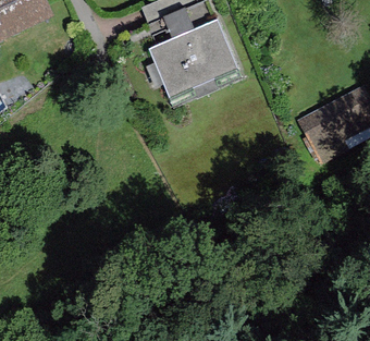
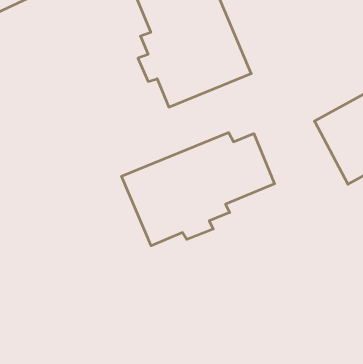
building: none -> [122,133,275,246]

